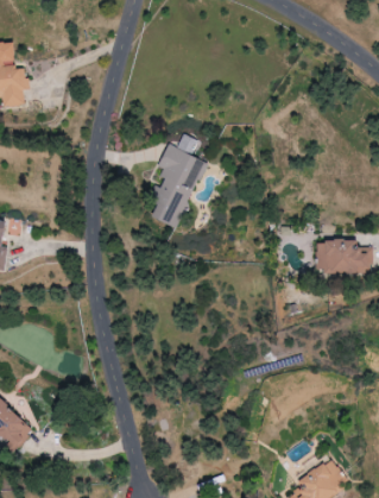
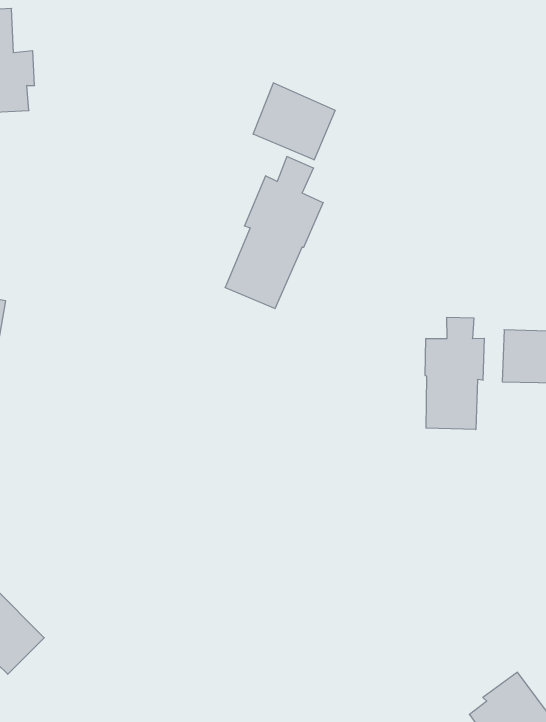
building: none -> [253,83,335,160]
building: none -> [425,317,484,430]

